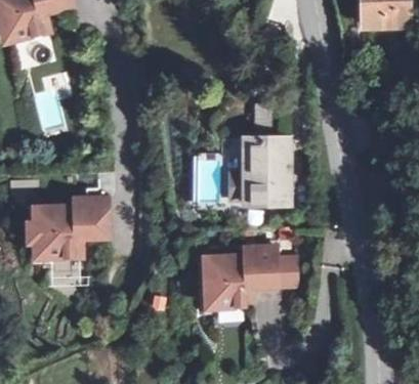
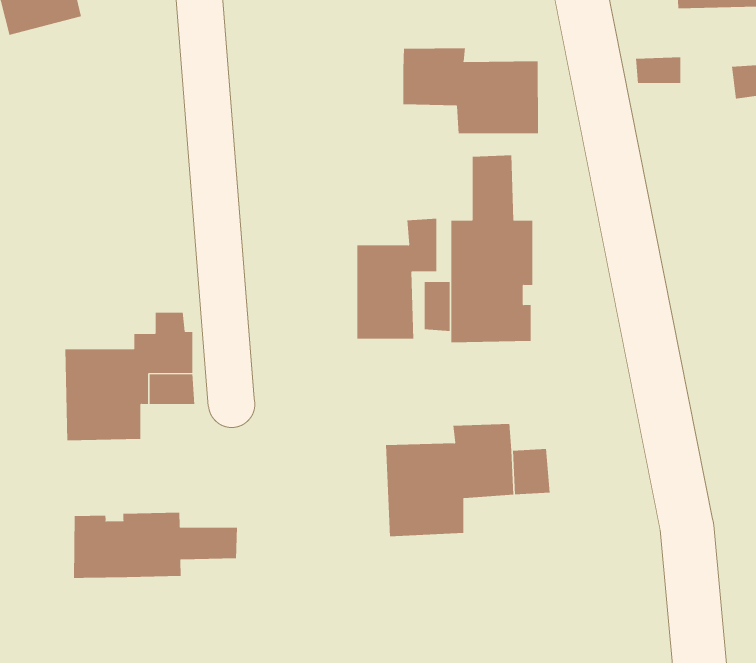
building: none -> [403,48,538,134]
building: none -> [74,512,237,579]

